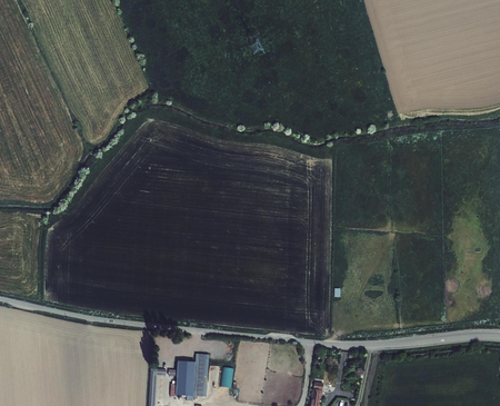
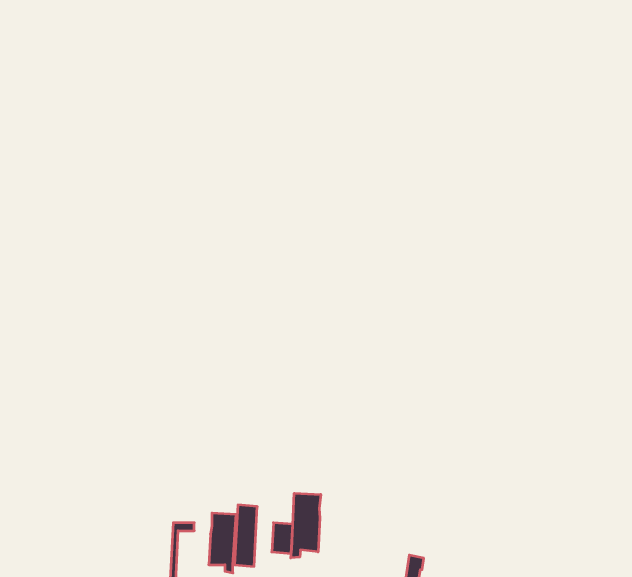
building: none -> [291,493,321,558]

